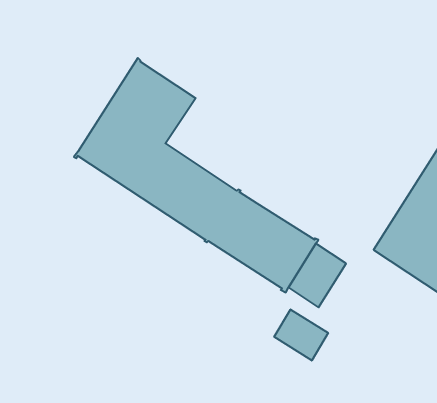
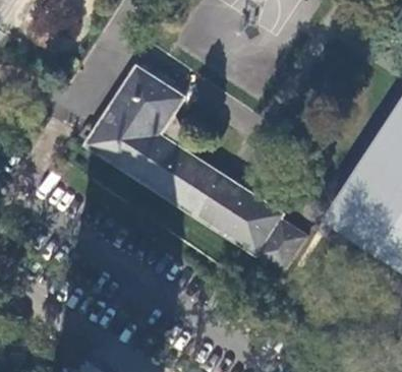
building: [274,309,328,361] -> none

